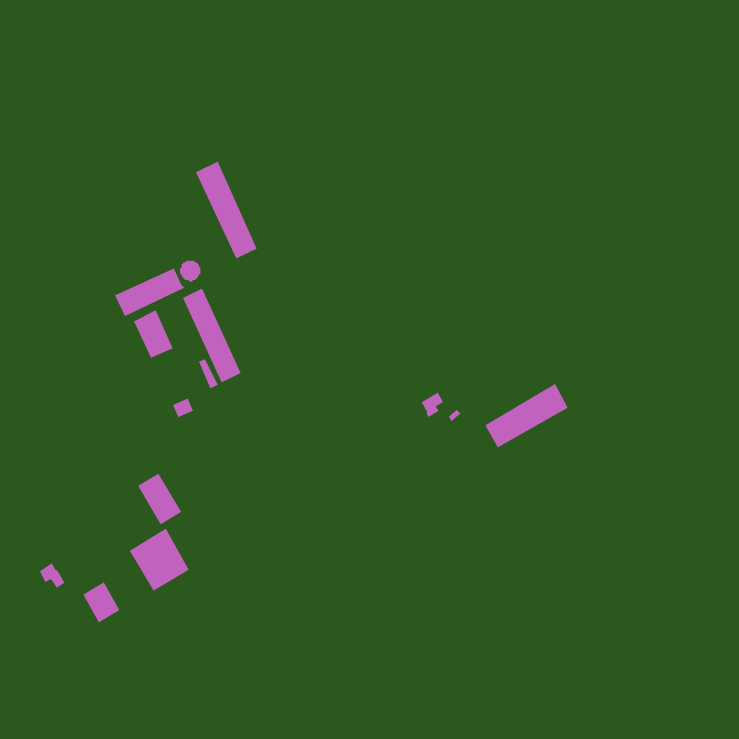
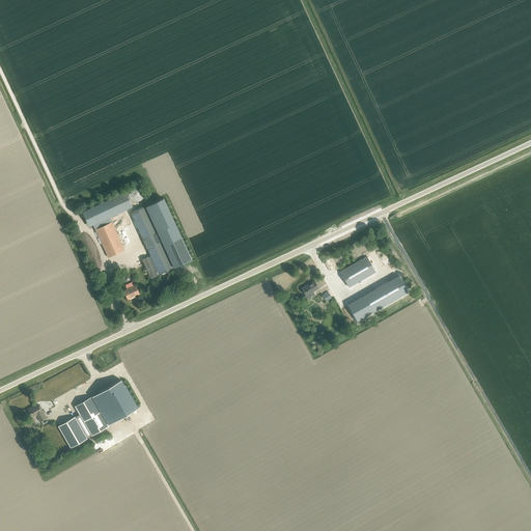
building: [195,161,257,259] -> [147,199,192,270]
building: none -> [340,257,375,287]
building: [137,473,182,525] -> [76,397,108,435]

